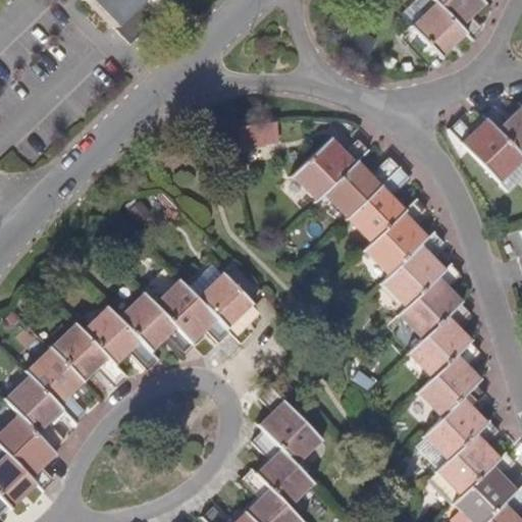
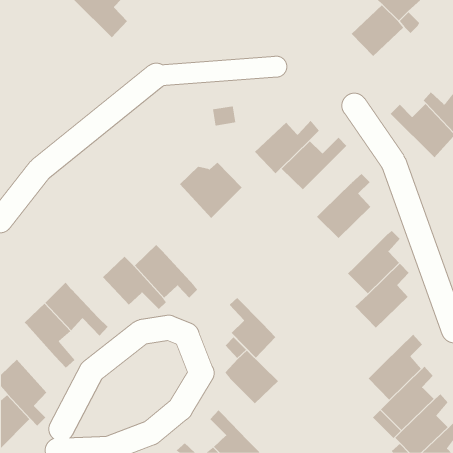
building: [349,167,411,242] -> none
building: [382,231,445,307] -> none
building: [188,262,260,327] -> [179,162,242,219]
building: [84,307,157,369] -> none
building: [418,341,479,416] -> none
building: [7,373,66,451] -> none
building: [255,434,309,505] -> [229,297,276,359]

